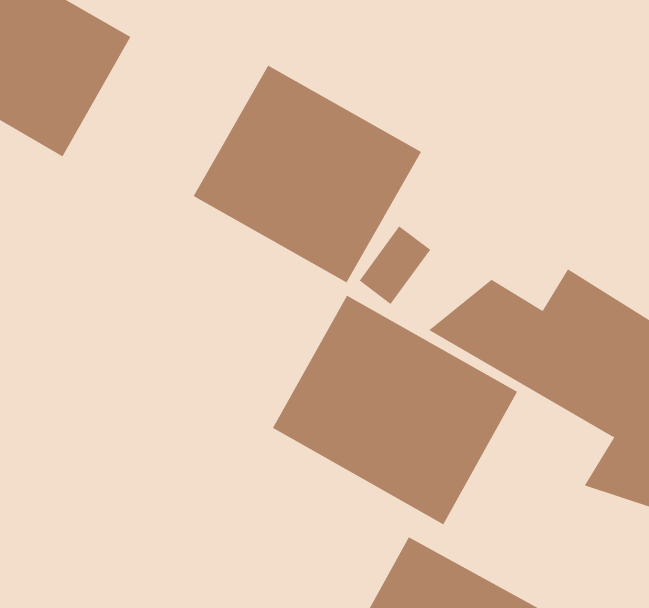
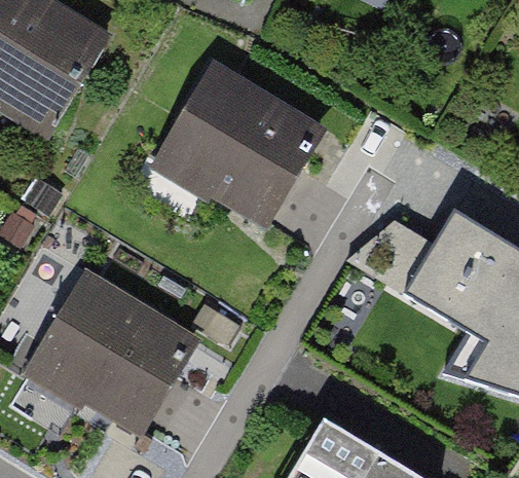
building: [272,295,518,525] -> none
building: none -> [21,269,201,446]

